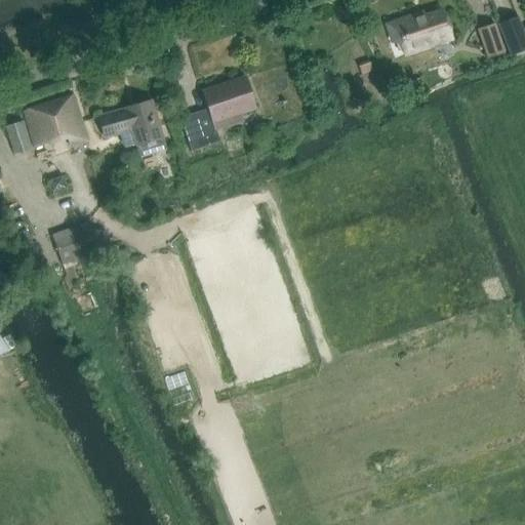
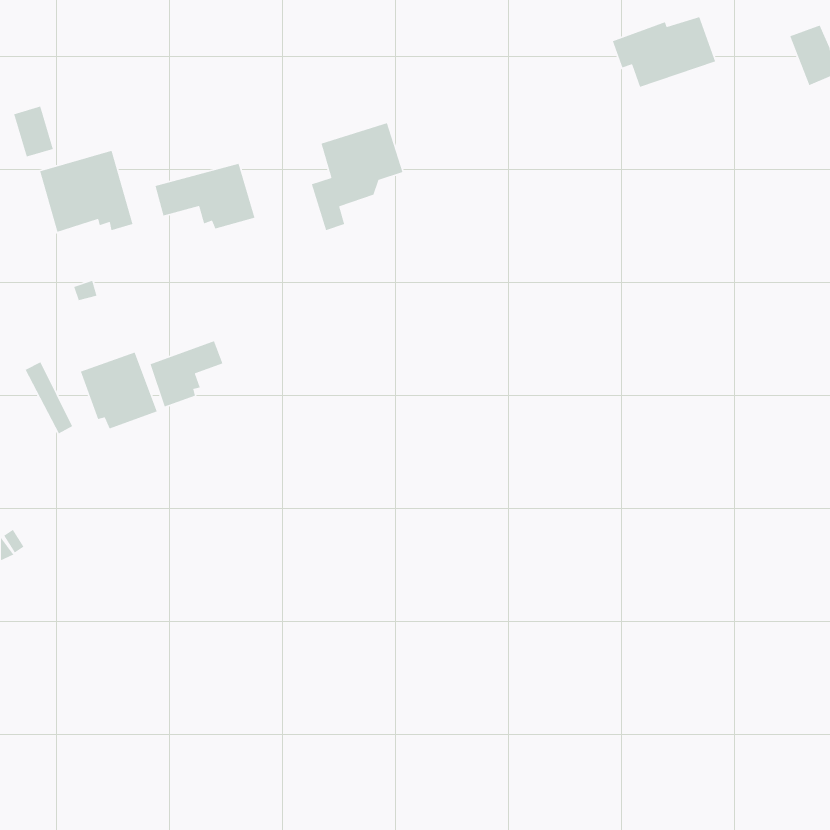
building: [477,24,503,57] -> none
building: [6,120,32,153] -> [13,106,54,158]
building: none -> [149,340,223,407]

